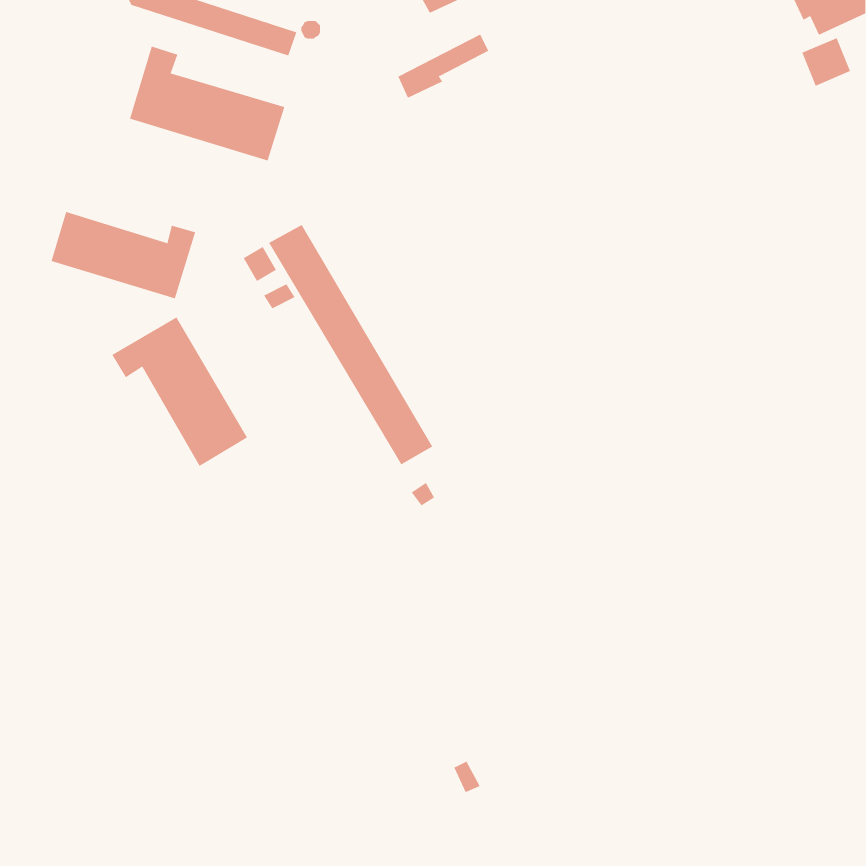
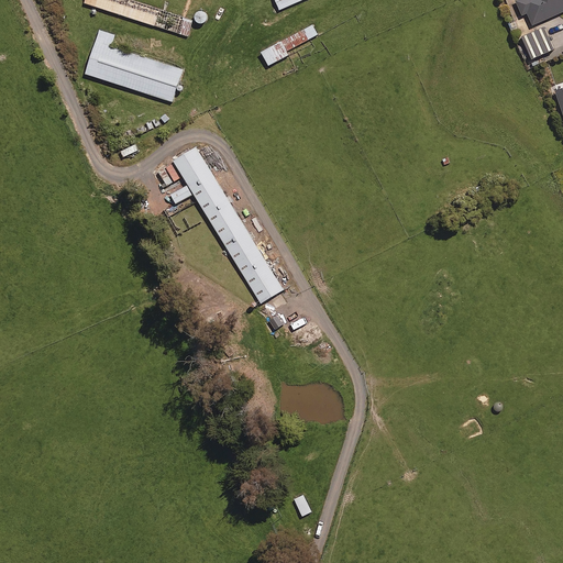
building: [51,211,196,299] -> none
building: [112,317,248,467] -> none

